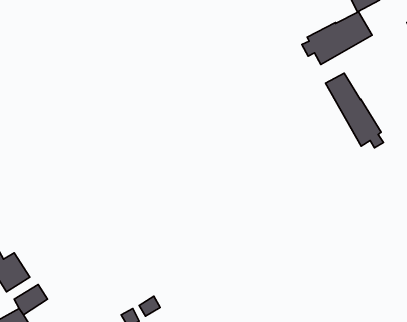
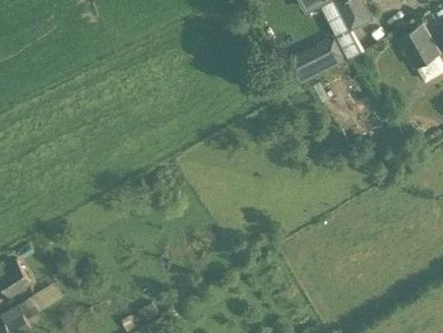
building: [325,73,383,148] -> none

